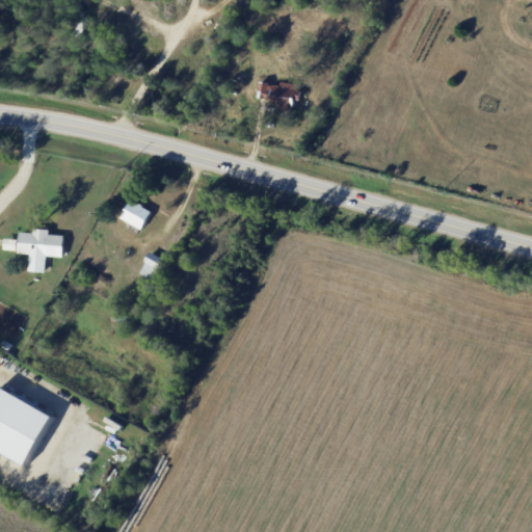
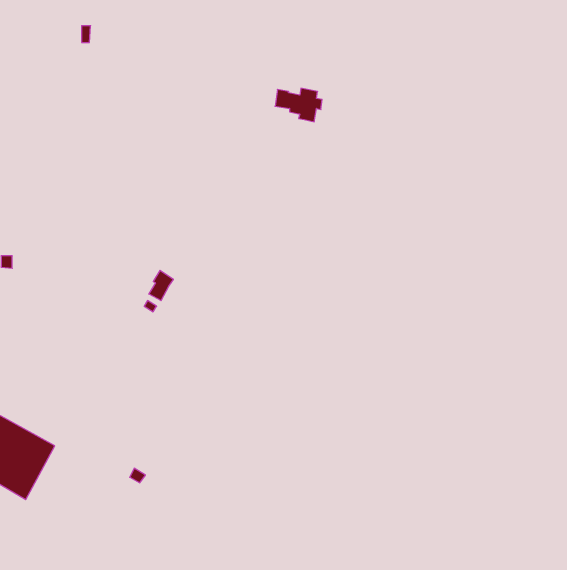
building: [119,200,150,229] -> none
building: [17,229,63,272] -> none

